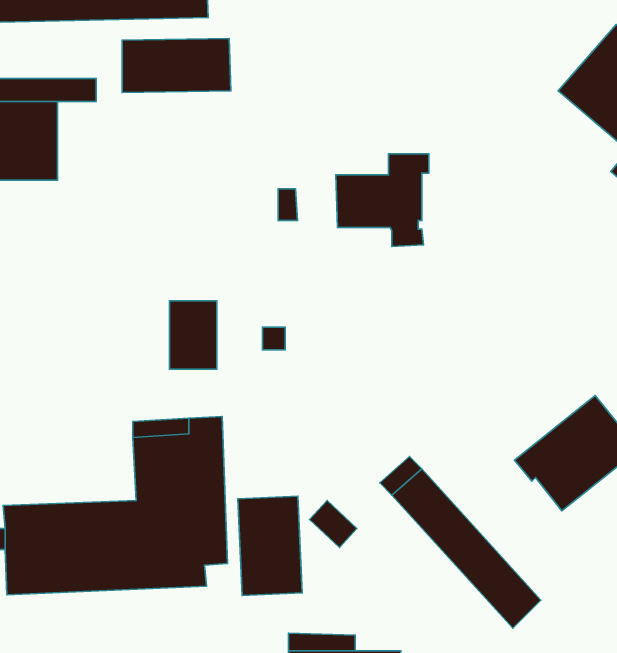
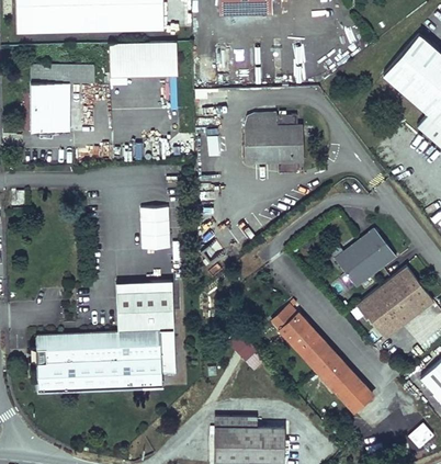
building: none -> [244,113,276,128]
building: none -> [333,229,395,288]
building: [238,496,302,596] -> none

